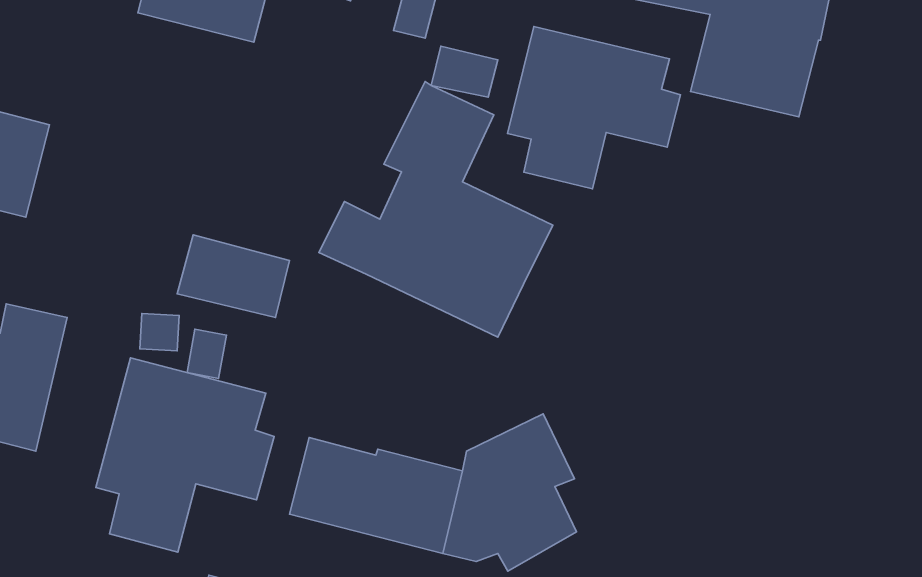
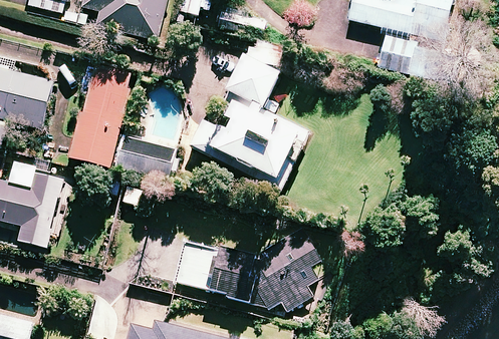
building: [508,26,681,189] -> none
building: none -> [68,65,131,168]
building: [96,358,274,552] -> none

